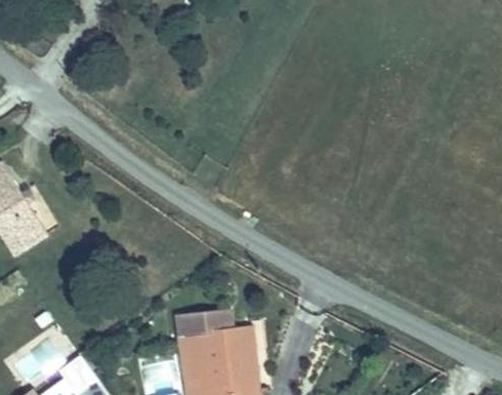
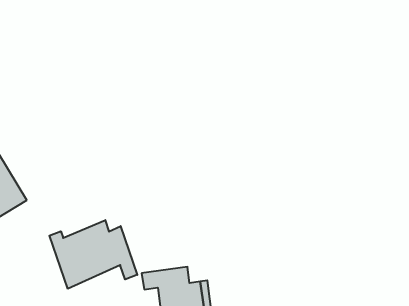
building: none -> [49,220,137,289]

